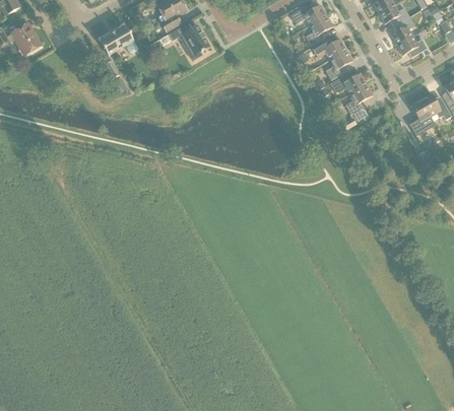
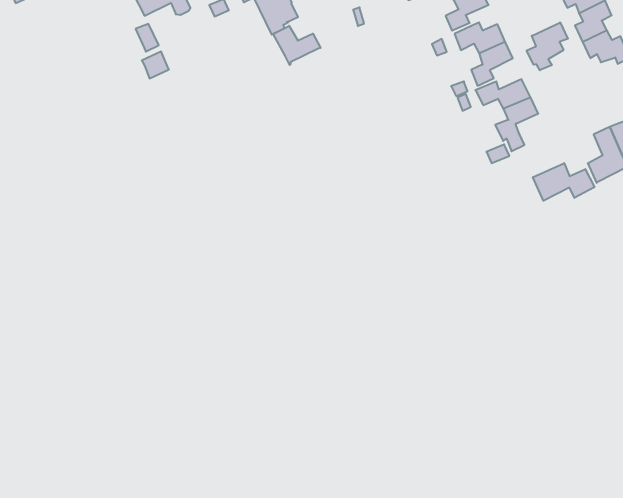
building: none -> [527,22,568,70]
building: none -> [273,26,321,65]
building: none -> [533,163,594,201]

